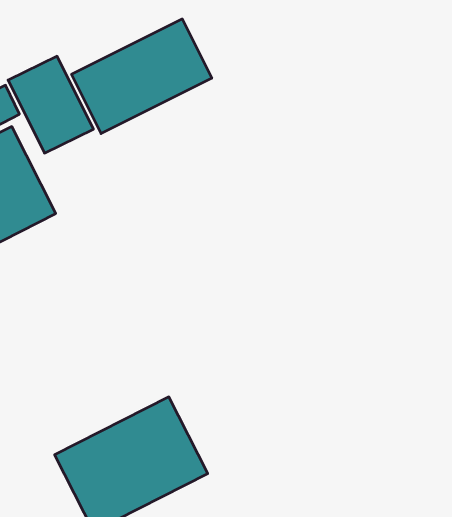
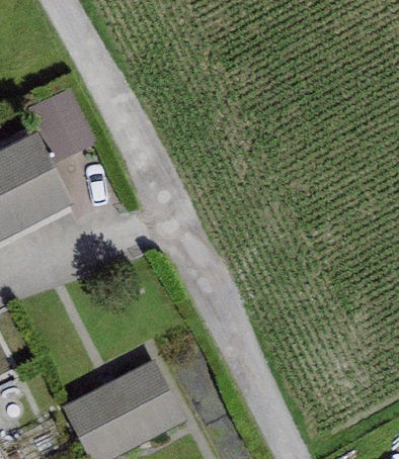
building: [72,19,212,134] -> none

